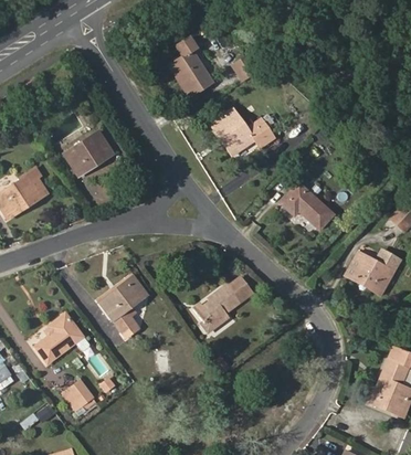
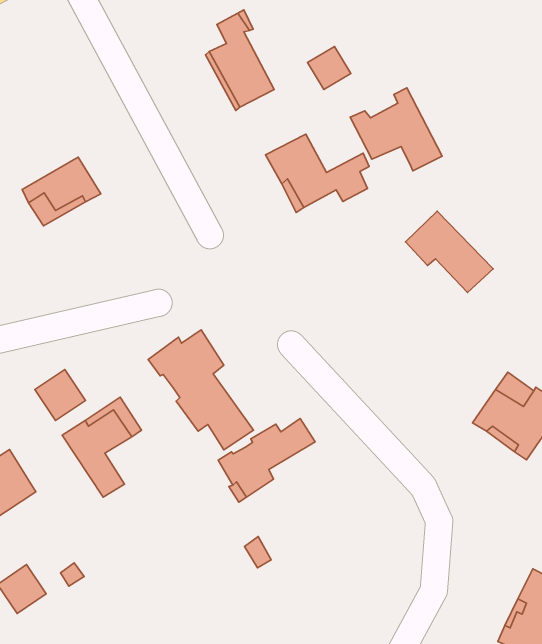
building: none -> [350,88,442,171]
building: [278,182,333,230] -> [405,211,493,293]
building: none -> [148,330,253,450]
building: none -> [35,370,86,421]

